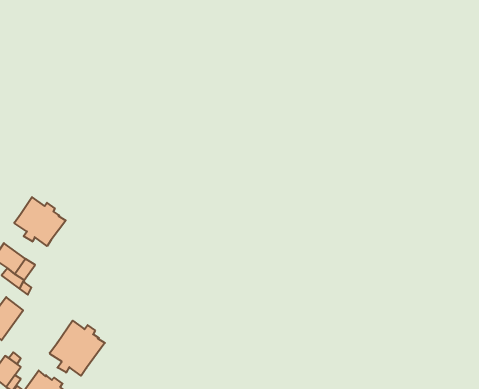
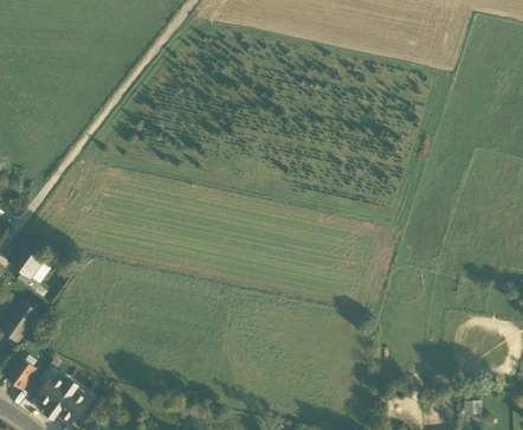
building: [14,197,66,246] -> none
building: [50,321,105,376] -> none

